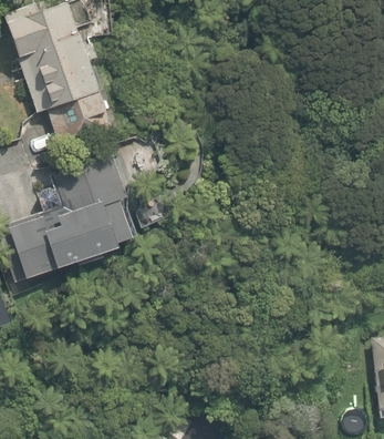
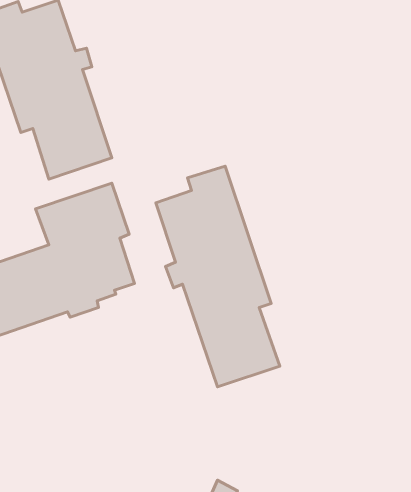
building: none -> [156,166,280,387]

